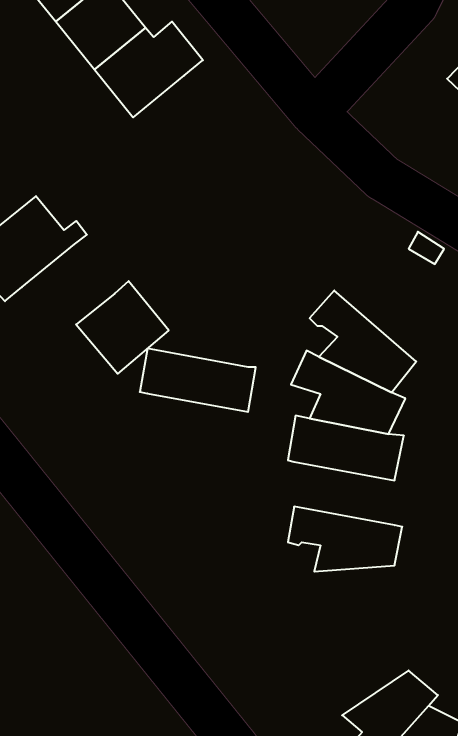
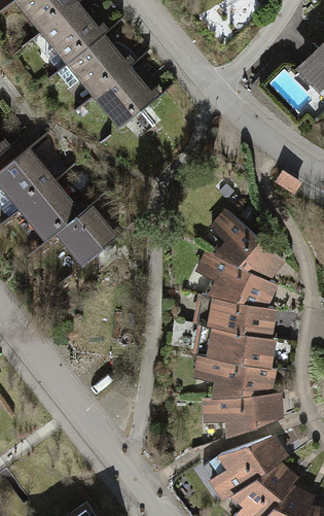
building: none -> [94,67,154,127]
building: none -> [20,179,81,241]
building: [140,349,256,412] -> [195,324,273,367]
building: none -> [205,393,280,437]
building: none -> [212,436,286,498]

